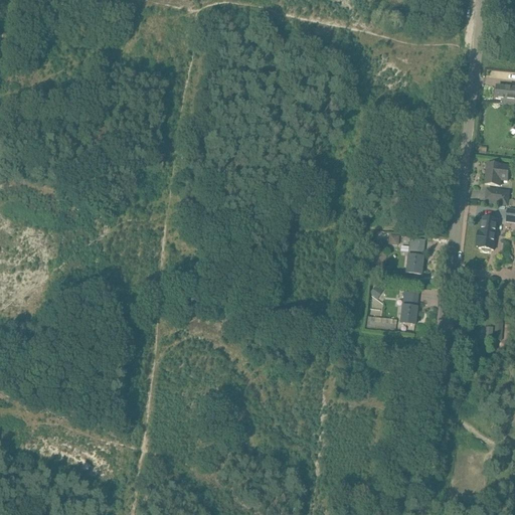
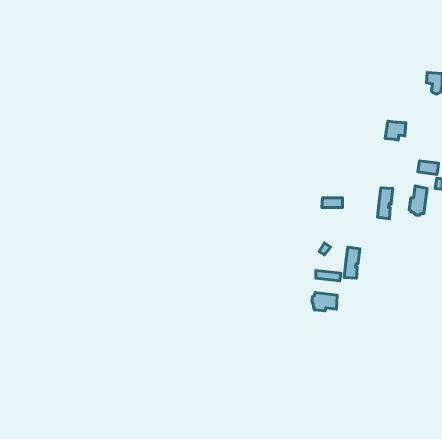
building: [485,162,509,184] -> [385,121,406,140]
building: [406,237,424,274] -> [377,188,393,219]
building: none -> [312,293,337,311]

